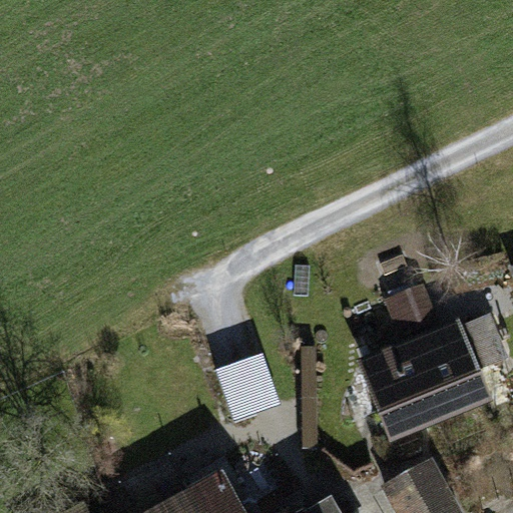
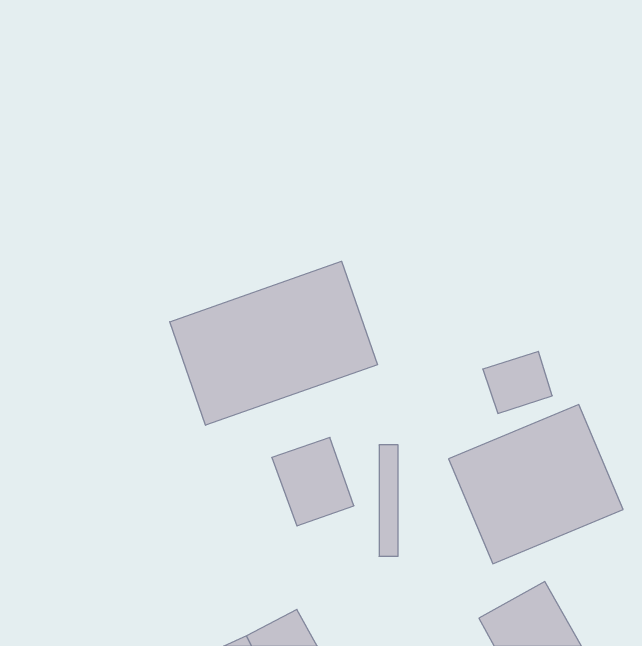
building: none -> [170,261,377,425]

